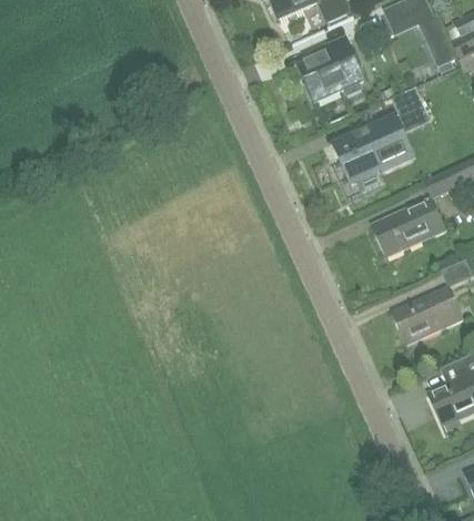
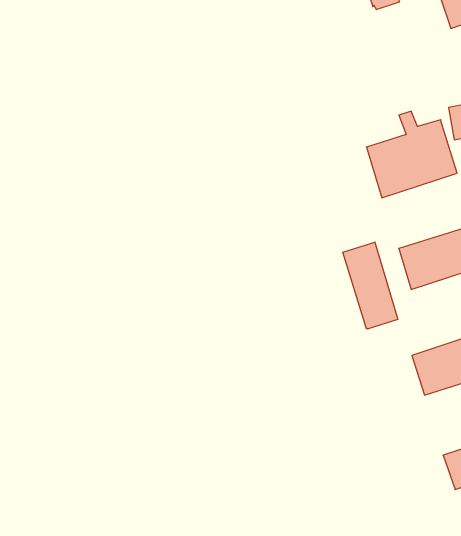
building: [299,35,364,100] -> none
building: none -> [343,242,398,329]

